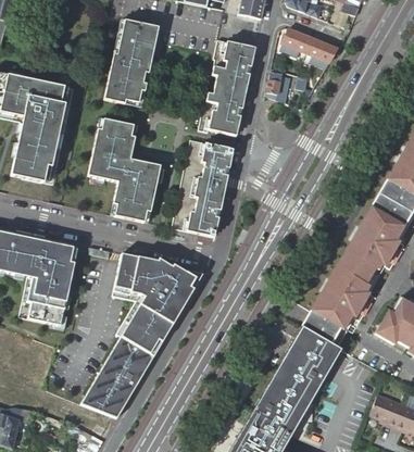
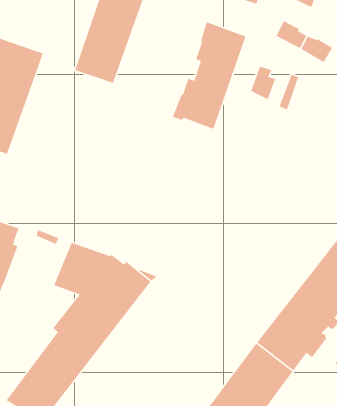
building: [89,117,162,222] -> none
building: [173,139,235,237] -> none

